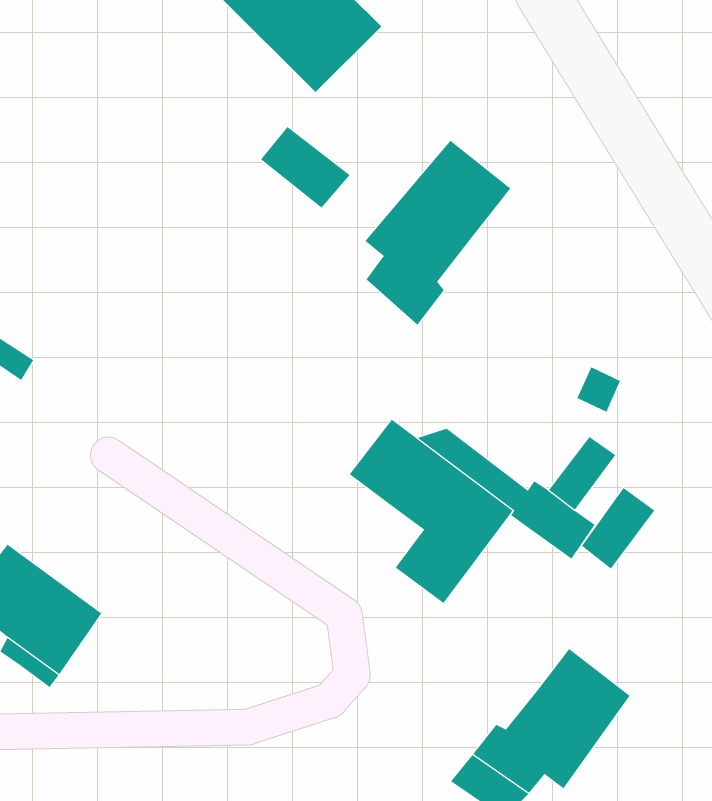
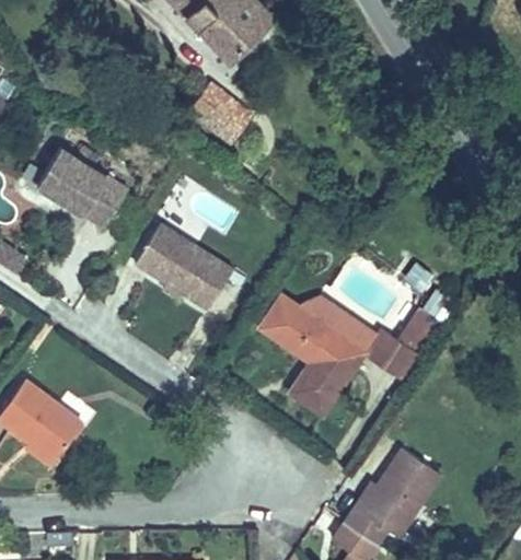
building: [365,140,511,325] -> none
building: none -> [38,145,128,224]
building: none -> [137,220,235,308]
building: [581,487,655,570] -> none

